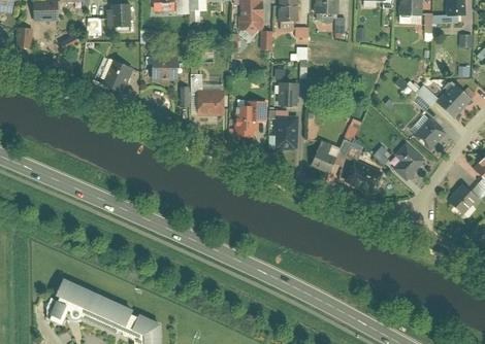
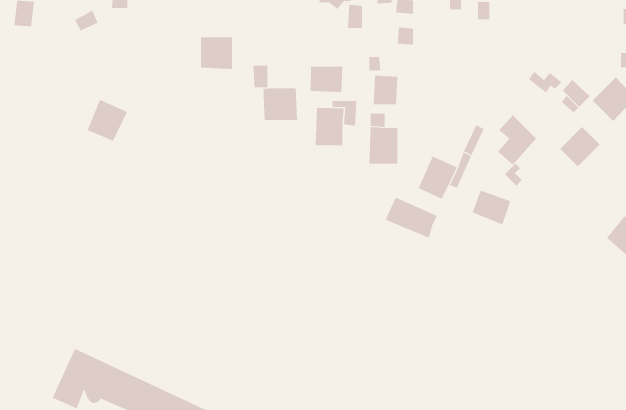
building: [103,59,133,90] -> [87,99,128,142]
building: none -> [310,66,343,93]
building: [395,141,424,178] -> [497,115,537,166]
building: none -> [385,197,437,239]

